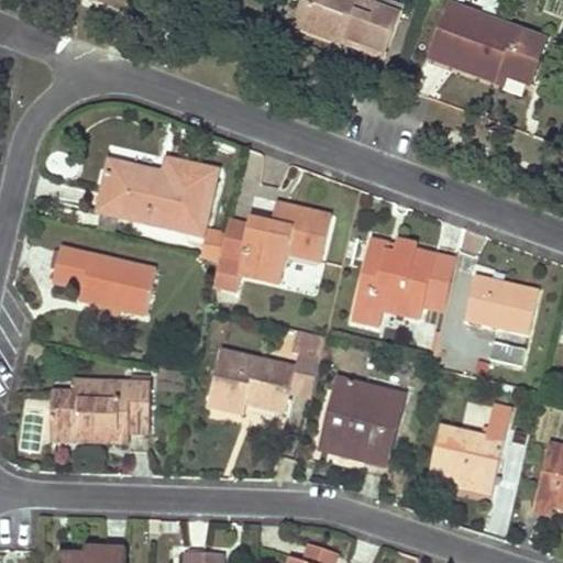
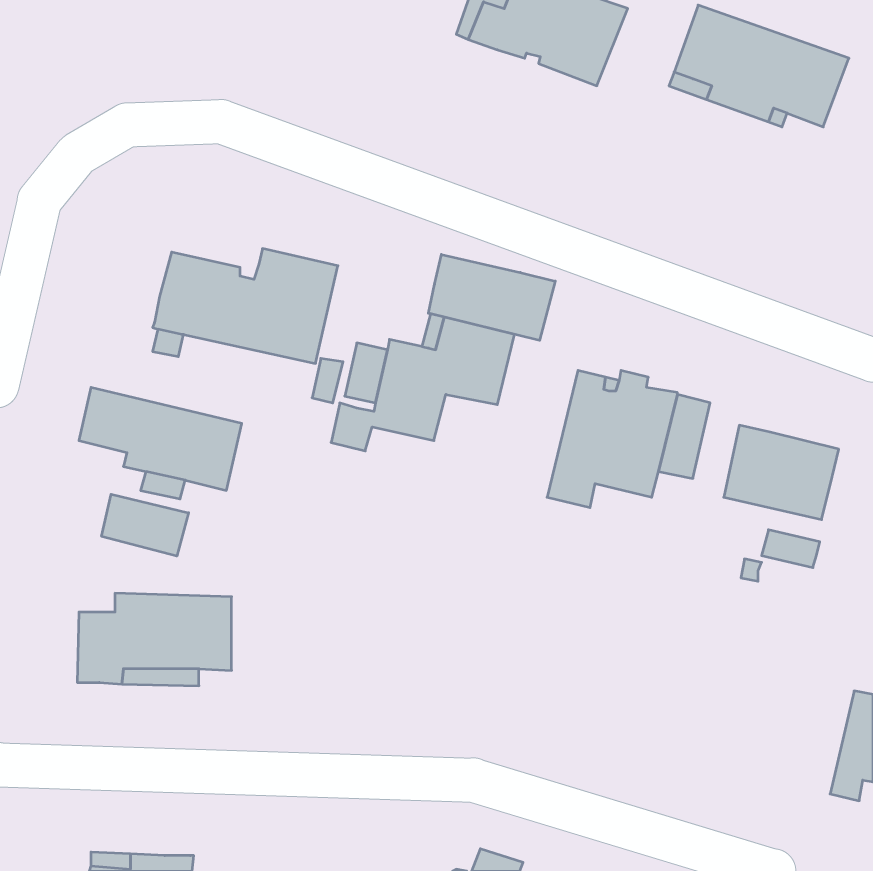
building: none -> [428,254,555,340]
building: none -> [102,494,189,556]
building: [207,329,325,411] -> none
building: [320,377,404,463] -> none
building: [427,404,511,493] -> none

